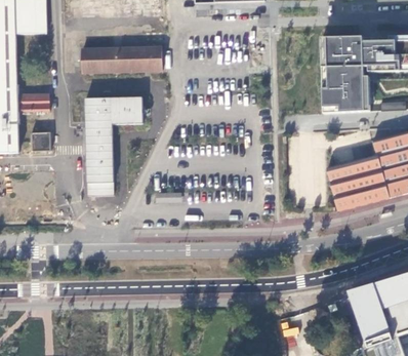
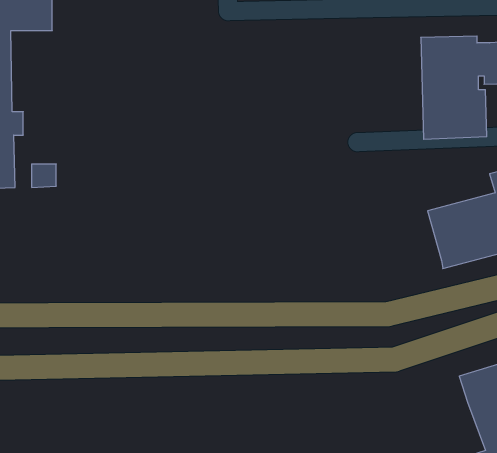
building: [81,46,162,73] -> none
building: [25,92,49,111] -> none
building: [85,96,142,195] -> none

